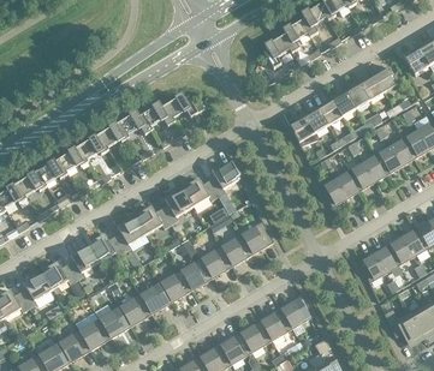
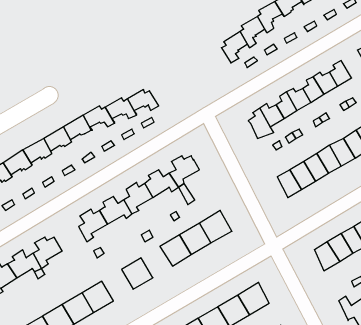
building: [90,233,124,262] -> none
building: [180,257,213,289] -> none
building: [139,281,172,313] -> none

